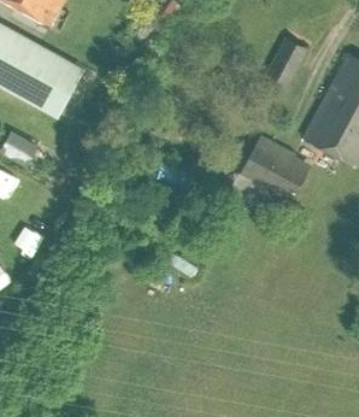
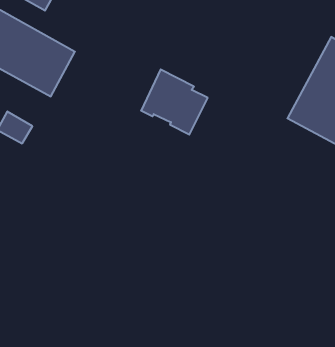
building: [264,39,307,89] -> none
building: [240,136,310,205] -> [141,69,208,135]

